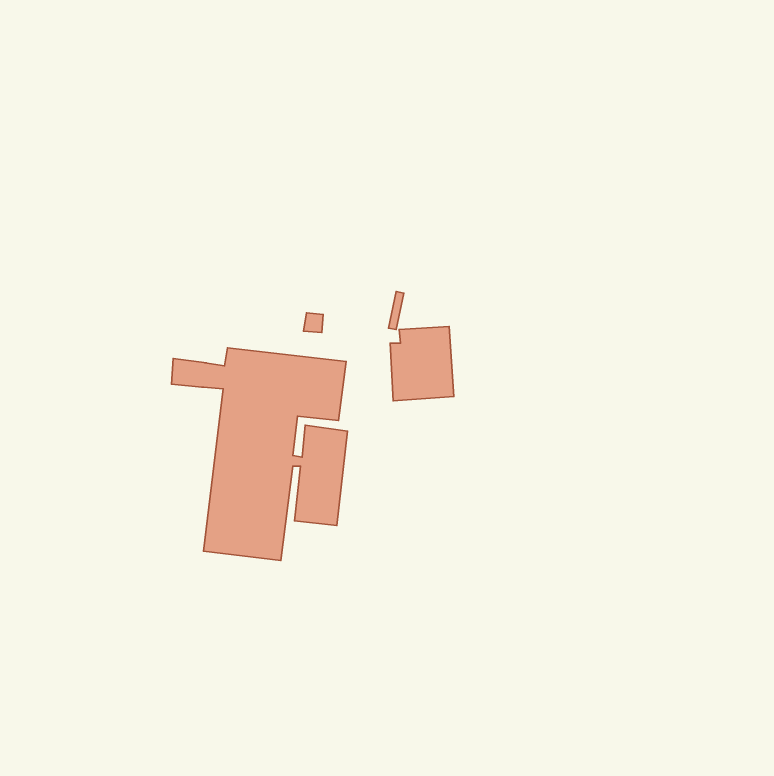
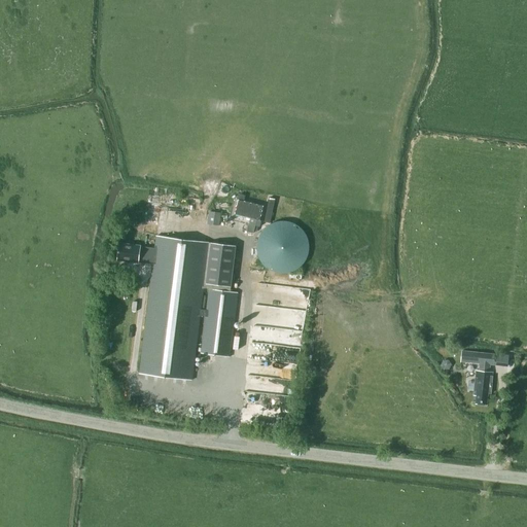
building: none -> [234,200,262,233]
building: none -> [460,351,494,405]

